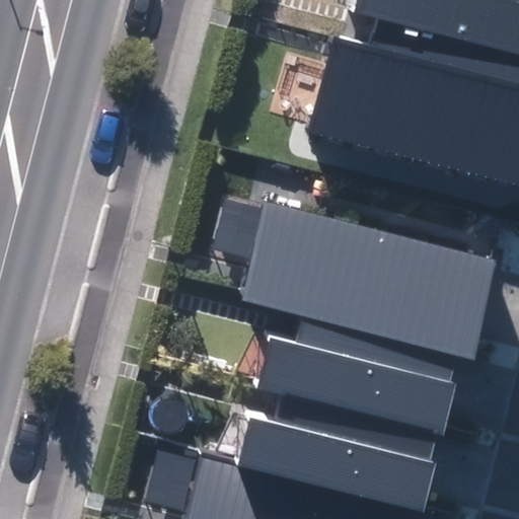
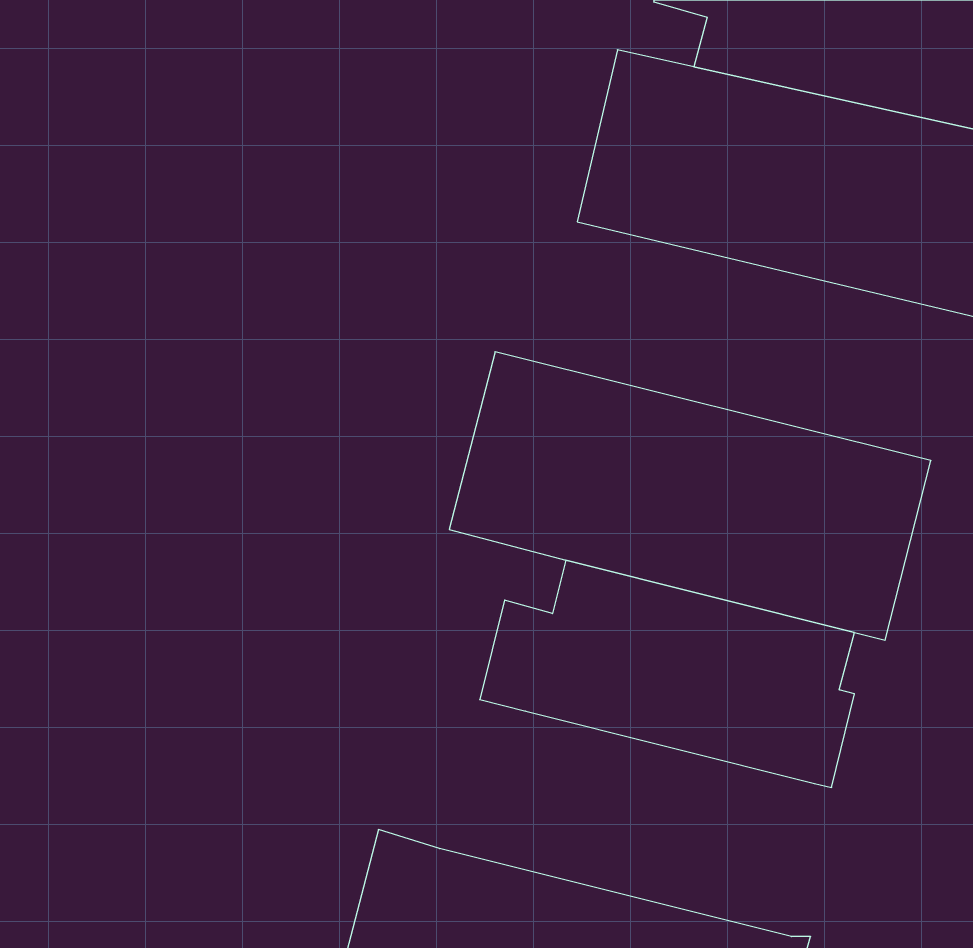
building: [235,392,434,512] -> none

